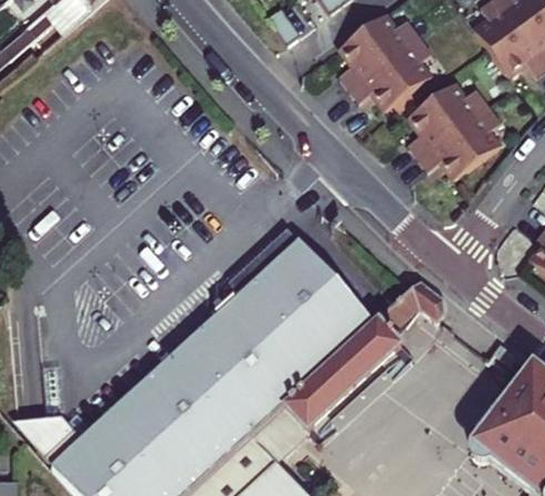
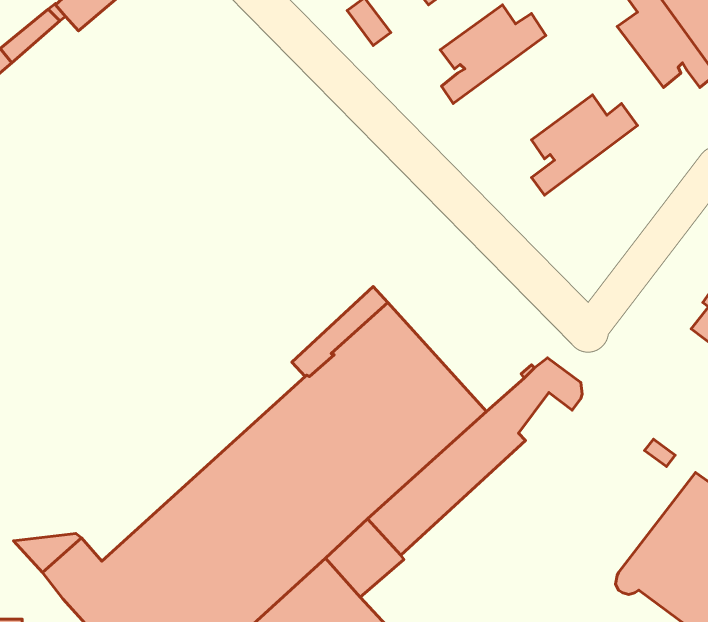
building: [348,34,431,107] -> none
building: [418,103,501,177] -> none

